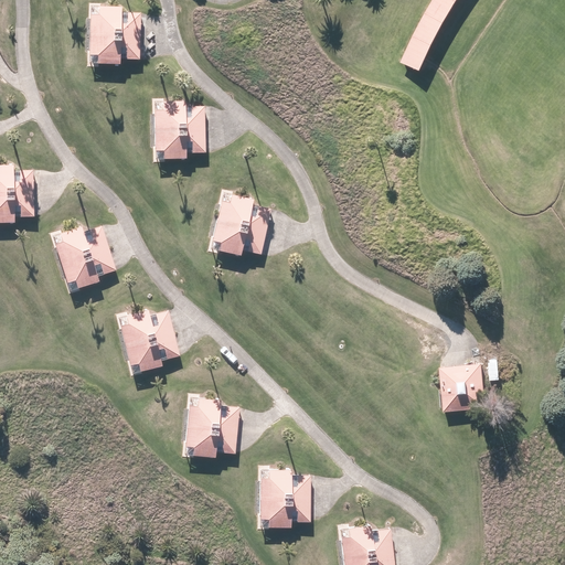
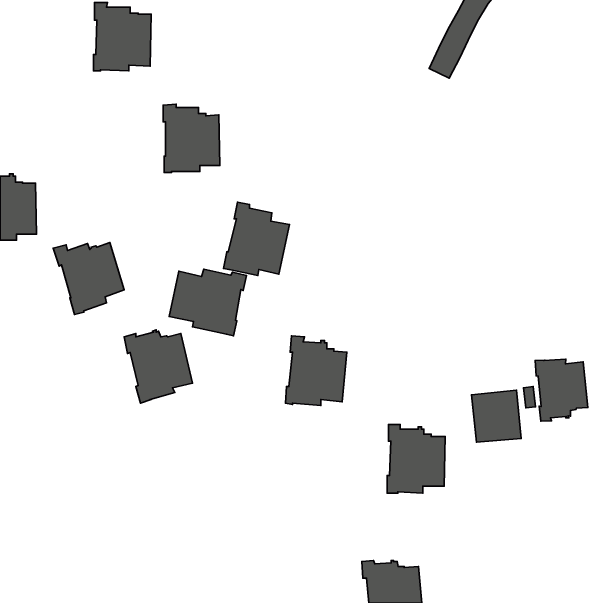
building: none -> [169,269,247,336]
building: none -> [535,359,588,421]
building: [182,393,239,458] -> [285,336,347,406]
building: [257,465,311,529] -> [387,425,445,493]

